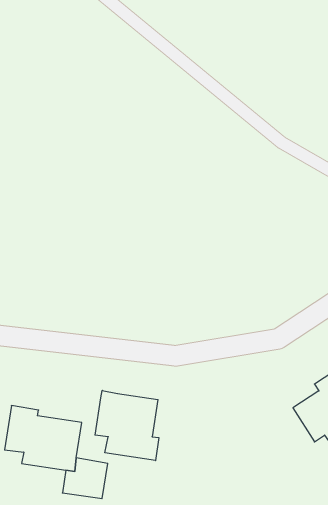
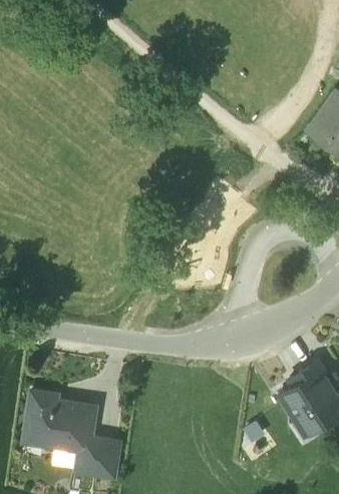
building: [95,390,159,461] -> none

